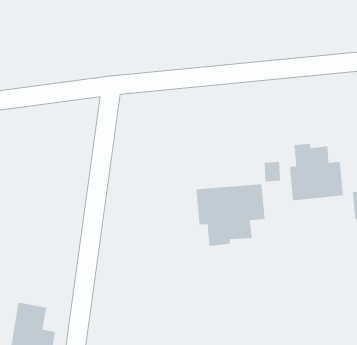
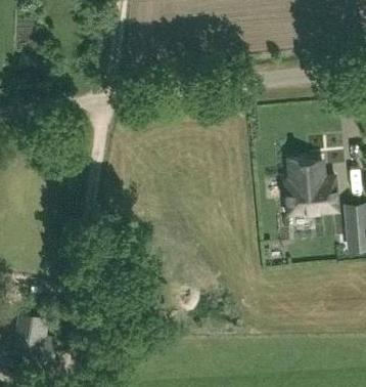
building: [195,184,265,247] -> none

